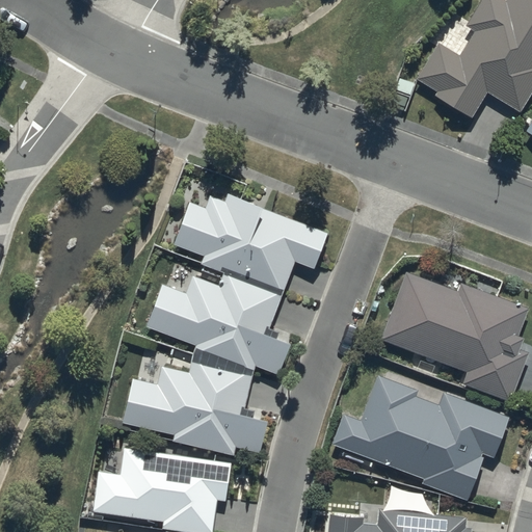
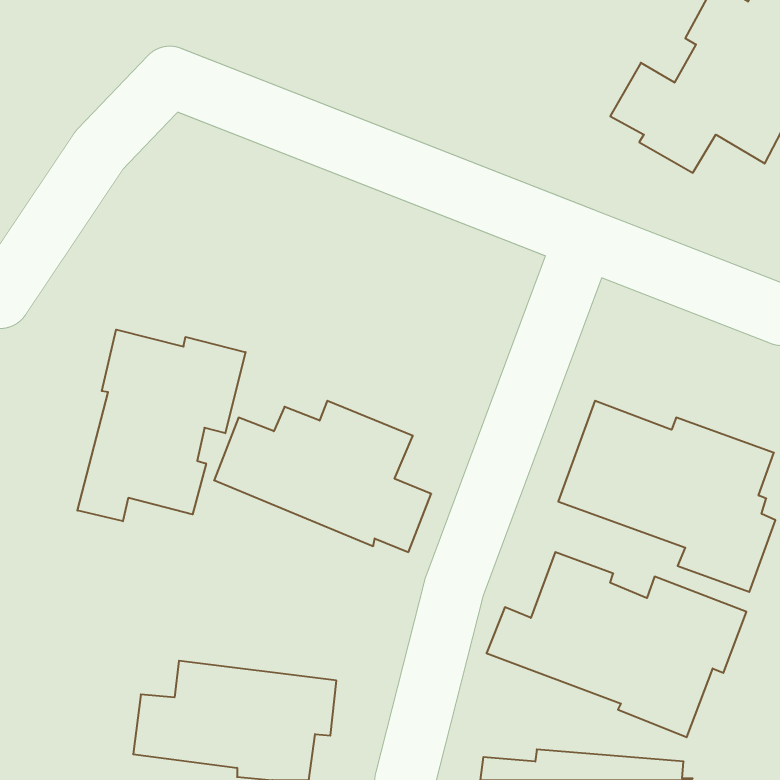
building: [174,194,327,289] -> none
building: none -> [77,330,246,521]
building: [123,362,266,455] -> none

